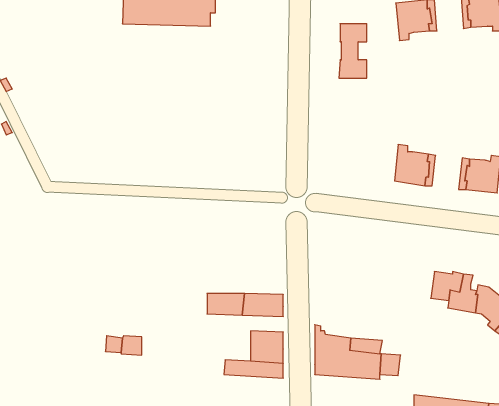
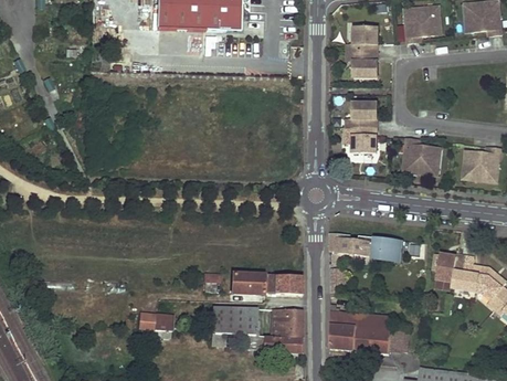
building: none -> [352,102,378,152]
building: none -> [329,233,401,257]
building: none -> [212,307,255,332]

